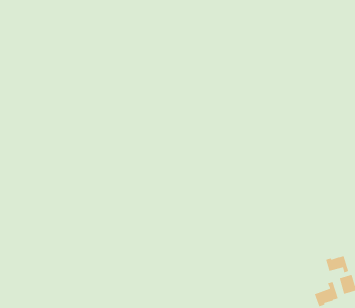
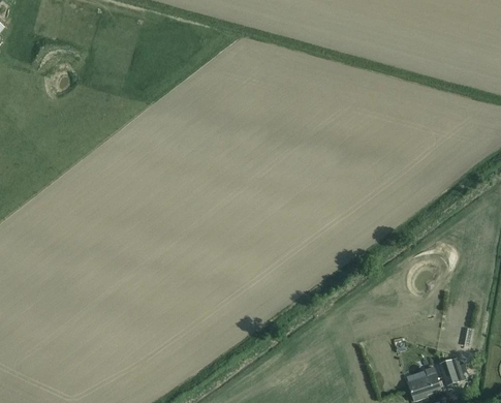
building: [325,255,349,274] -> none

